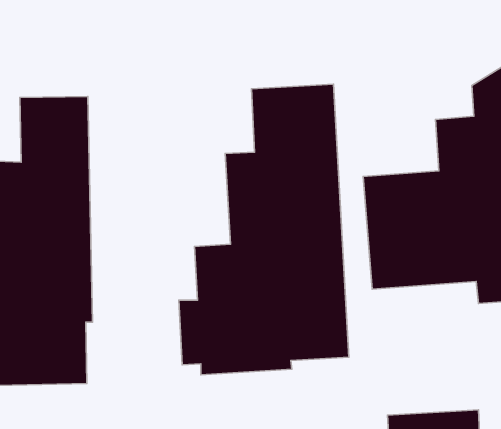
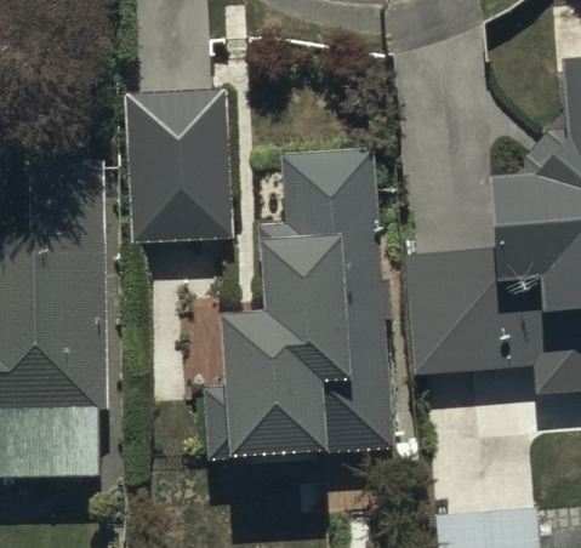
building: none -> [126,91,233,238]

